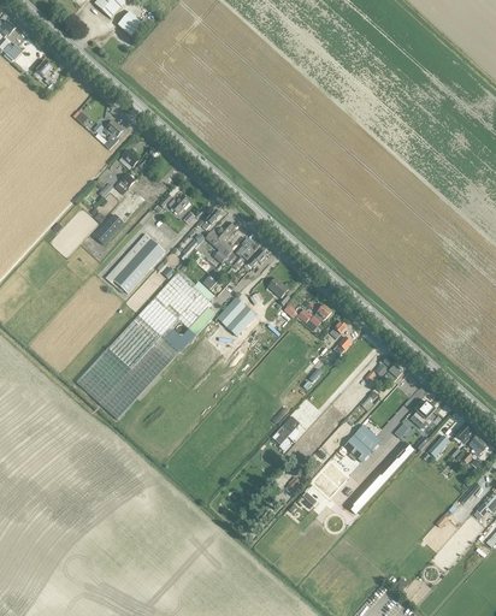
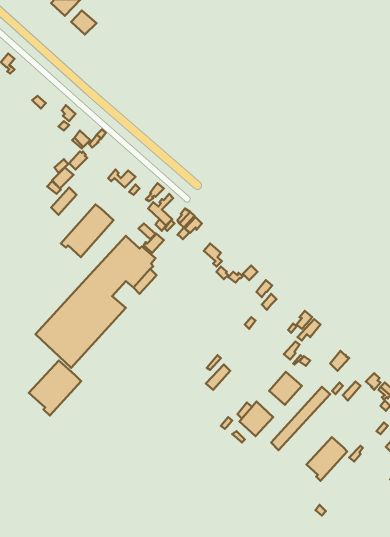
building: [217,297,255,336] -> none
building: none -> [29,360,81,416]
building: none -> [306,437,347,481]

